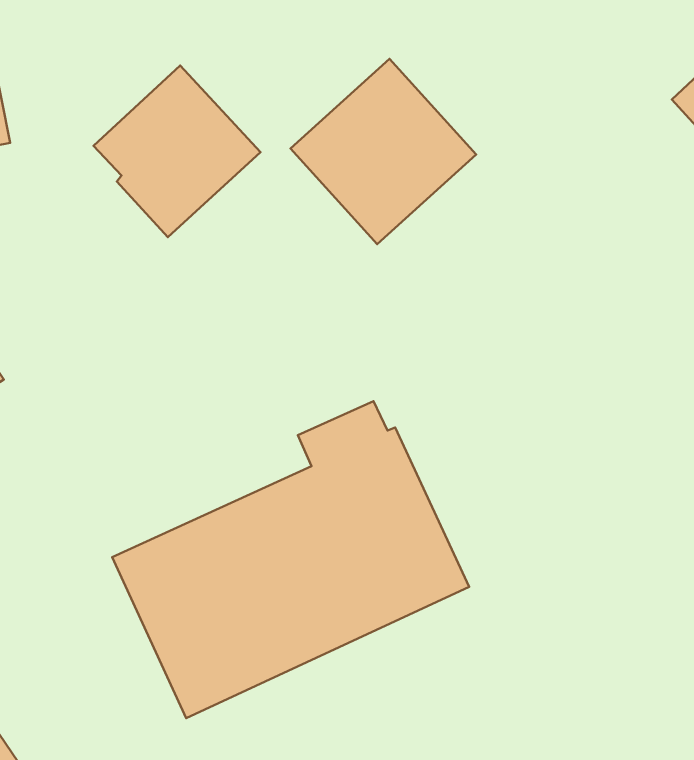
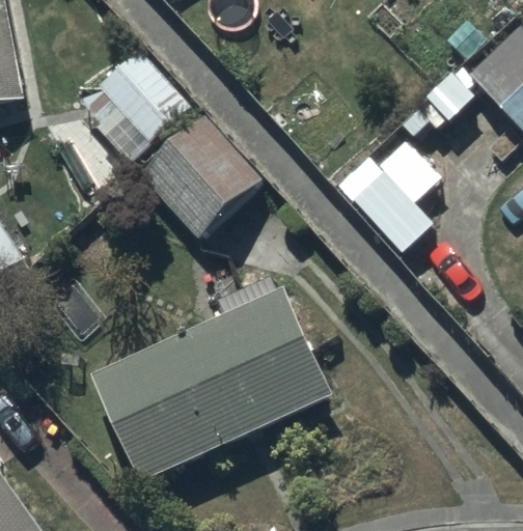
building: [291,59,476,244] -> [138,114,263,239]
building: none -> [333,135,441,251]

